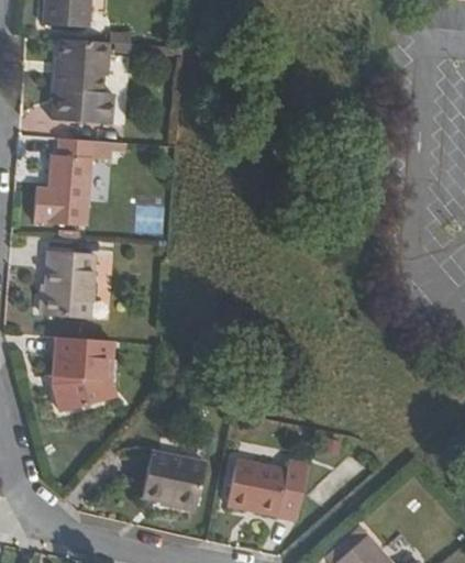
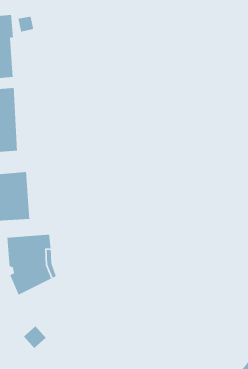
building: [141,451,201,508] -> none
building: [228,461,306,520] -> none

